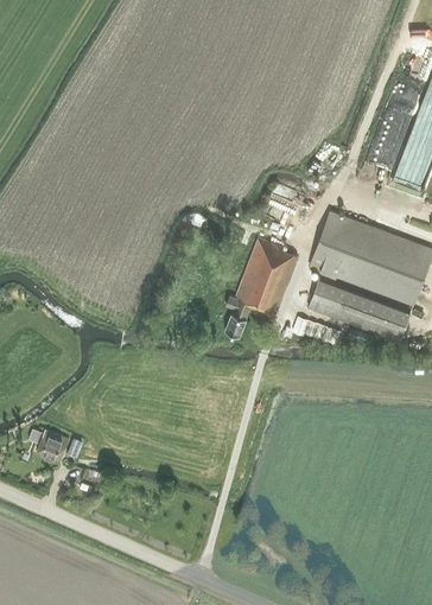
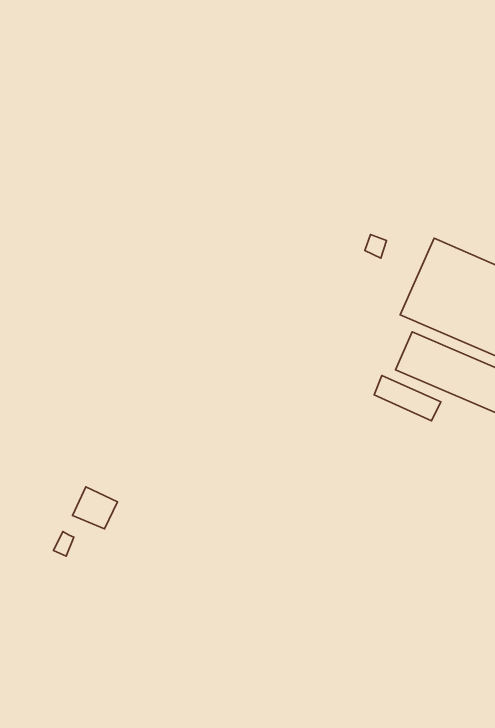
building: [224,237,297,336] -> none
building: [36,429,68,459] -> [73,487,117,529]

